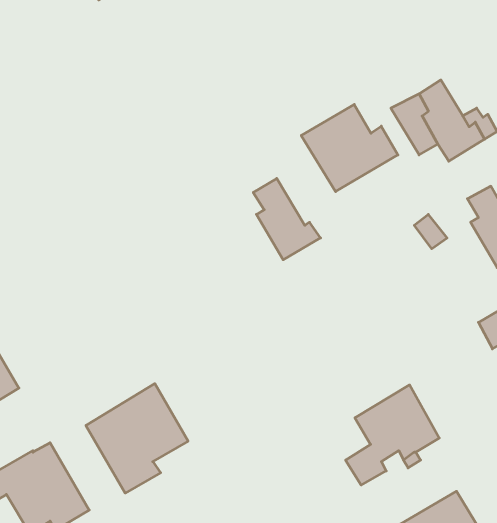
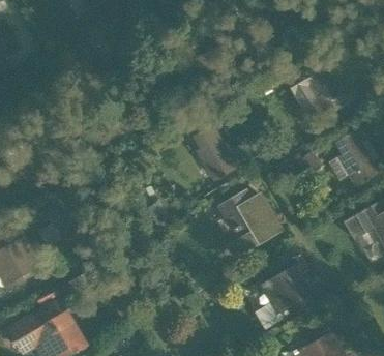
building: [301,104,398,192] -> none
building: none -> [219,190,280,257]
building: [86,384,188,493] -> none

